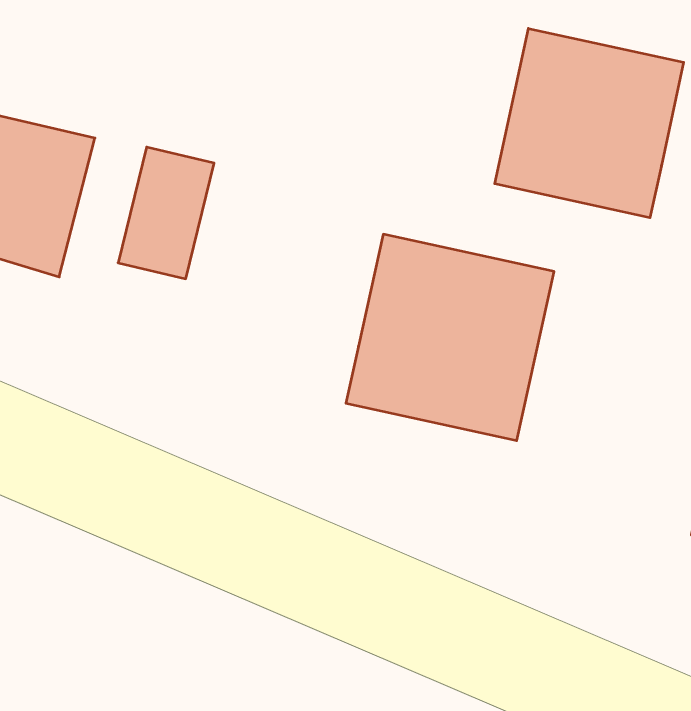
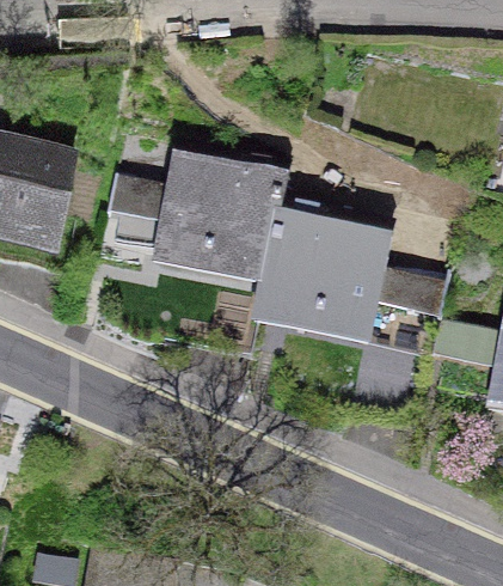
building: [495,28,684,218] -> none
building: none -> [149,141,287,287]

